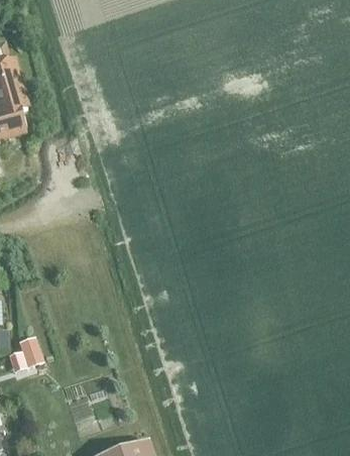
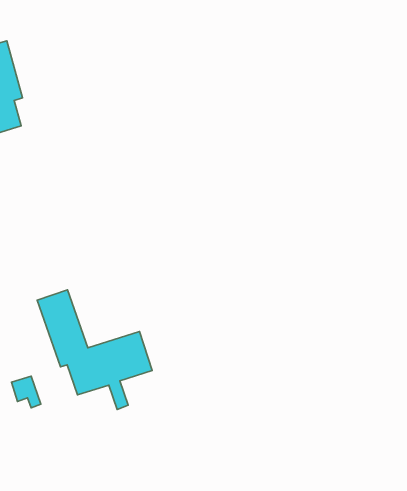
building: none -> [37,290,152,409]

